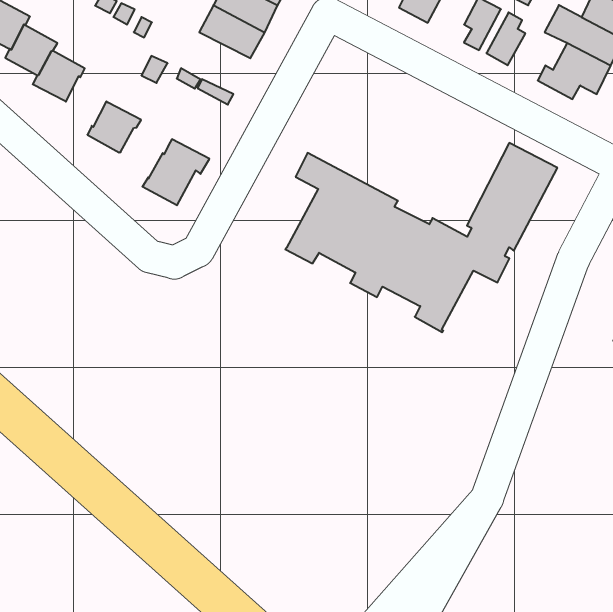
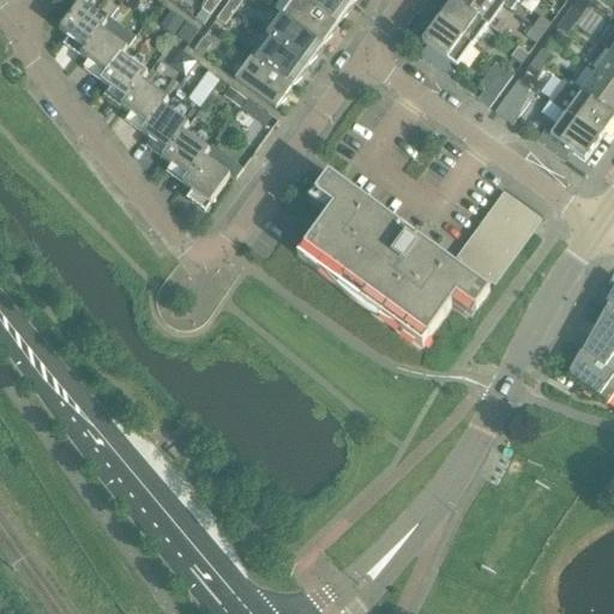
building: none -> [235,53,291,104]
building: none -> [121,76,169,121]
building: none -> [162,127,210,173]

